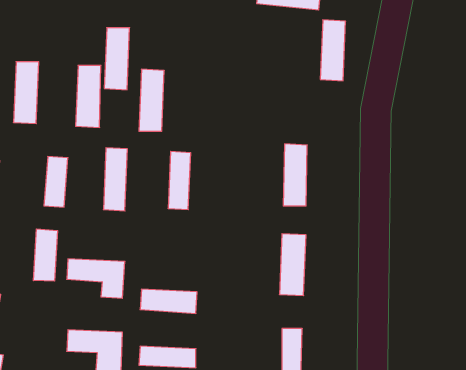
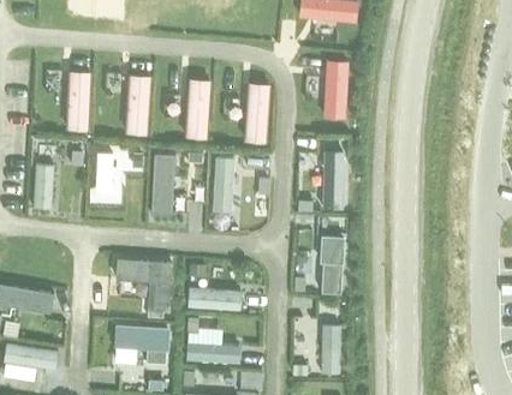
building: [320,20,346,81] -> [323,60,347,118]
building: [104,28,130,90] -> [244,84,268,143]
building: [33,229,58,281] -> none

